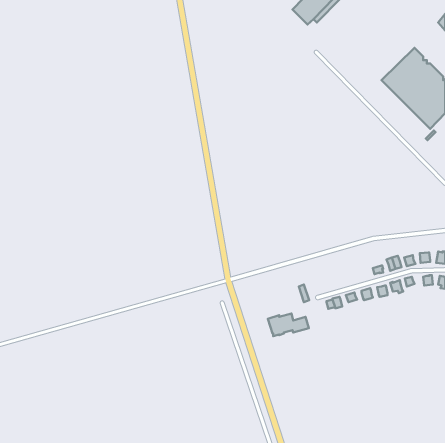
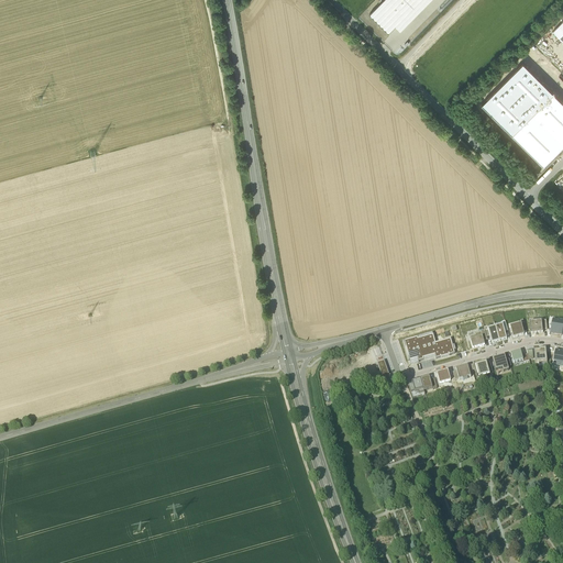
building: [268,313,309,336] -> [404,333,455,362]

